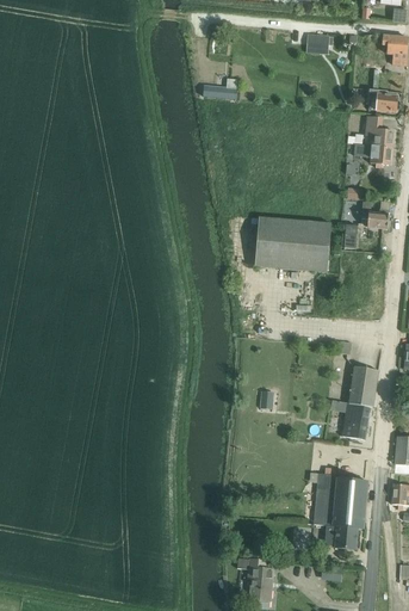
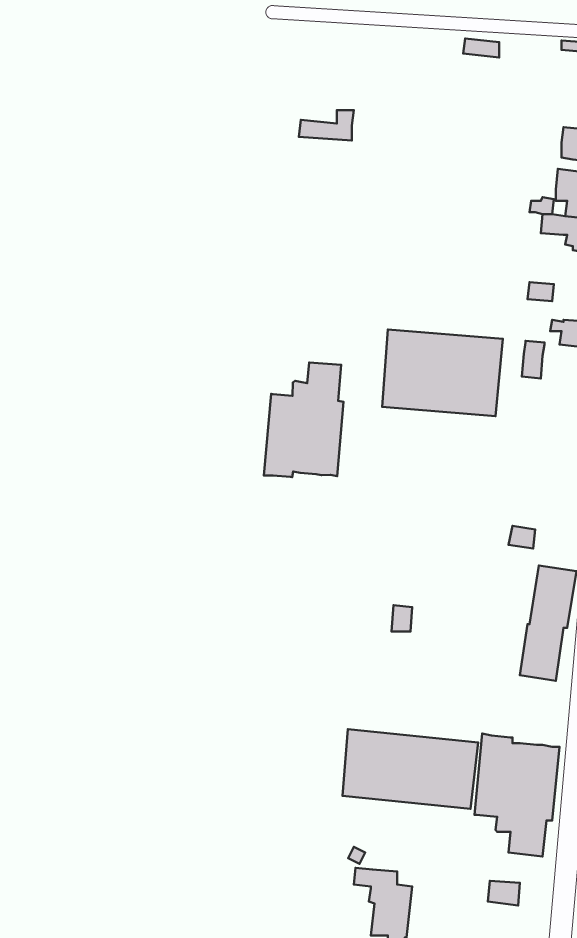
building: none -> [264,362,343,477]
building: none -> [342,729,478,809]

